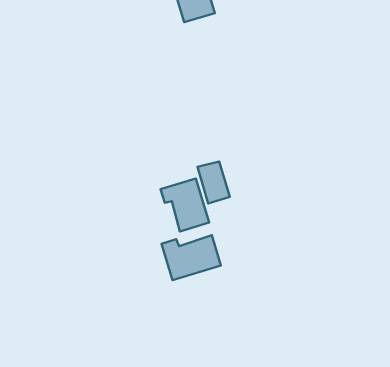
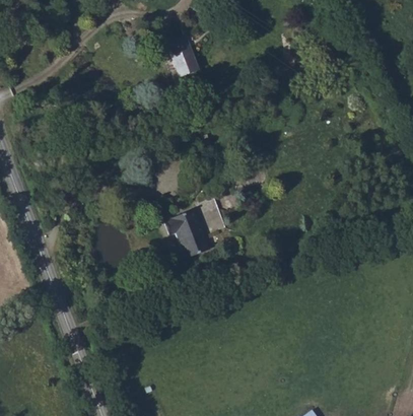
building: [162,235,221,280] -> none

